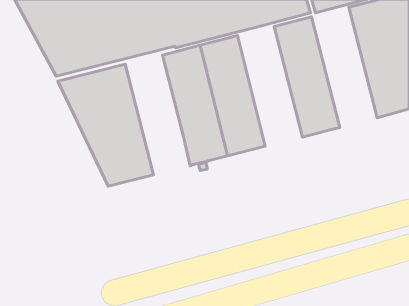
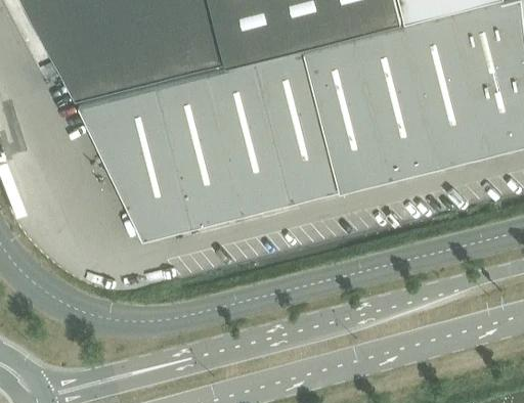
building: none -> [396,10,479,162]
building: none -> [303,35,385,185]
building: none -> [162,71,244,221]

